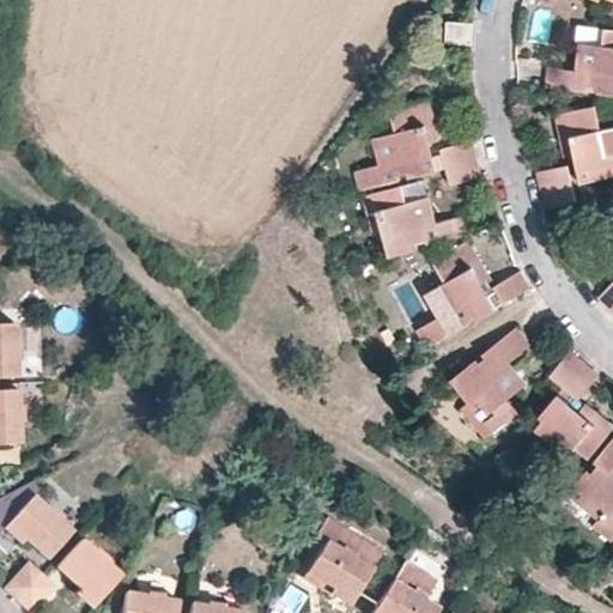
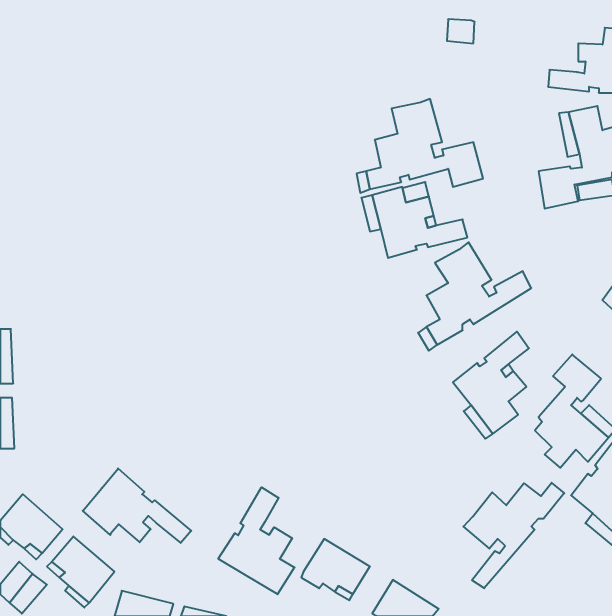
building: none -> [83,468,191,543]
building: none -> [463,483,564,588]
building: none -> [218,487,295,594]

